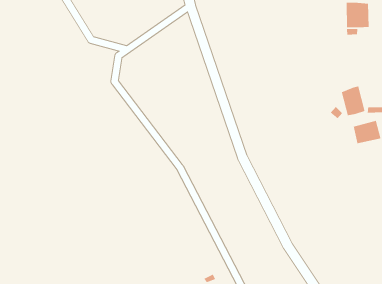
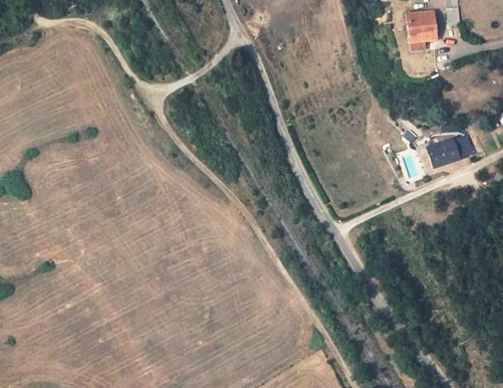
building: [341,85,366,116] -> none

